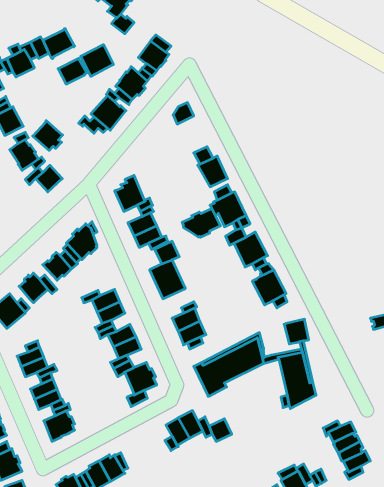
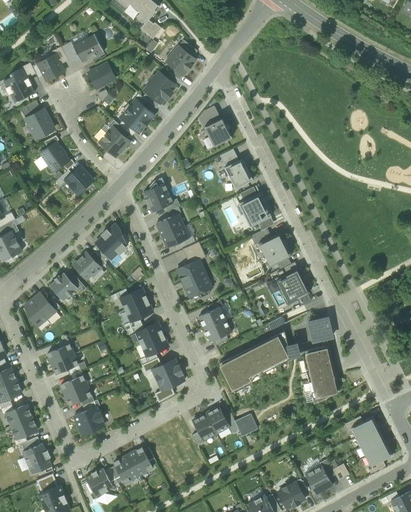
building: [81,45,113,76] -> none
building: none -> [203,118,231,146]
building: [33,121,63,150] -> [99,127,128,156]
building: [182,208,220,237] -> none

